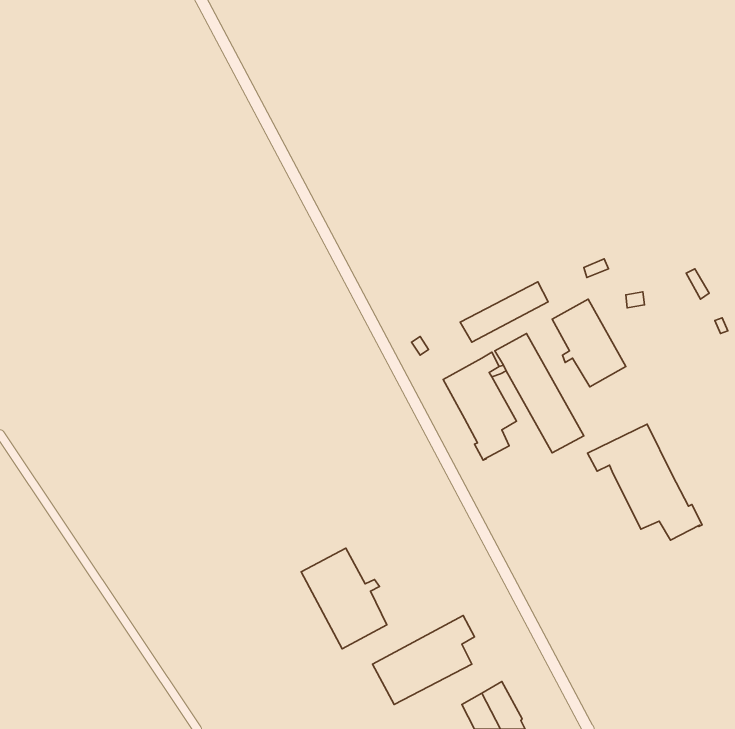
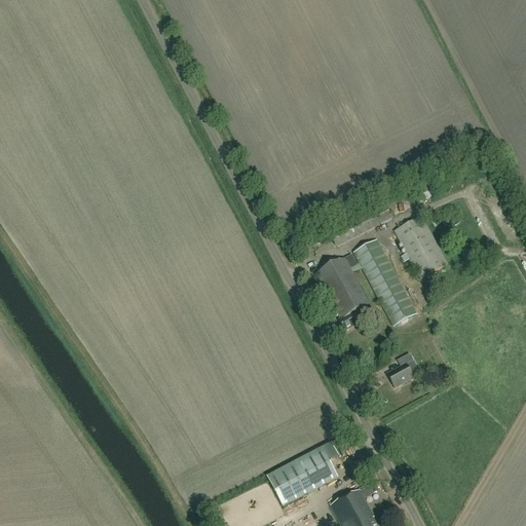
building: [587,424,702,540] -> none
building: none -> [387,351,413,385]
building: [301,548,387,649] -> none

